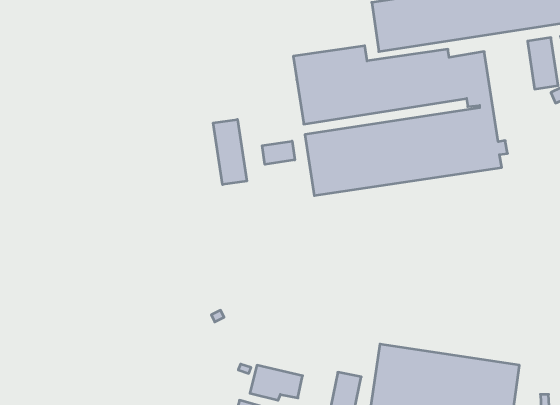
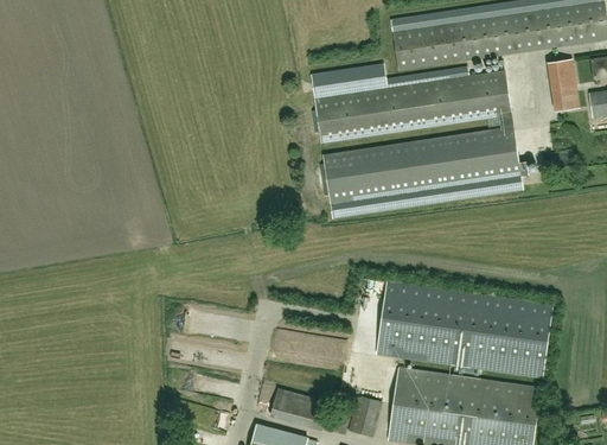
building: [213,119,247,185] -> none
building: [262,141,295,164] -> none
building: none -> [376,281,551,376]

